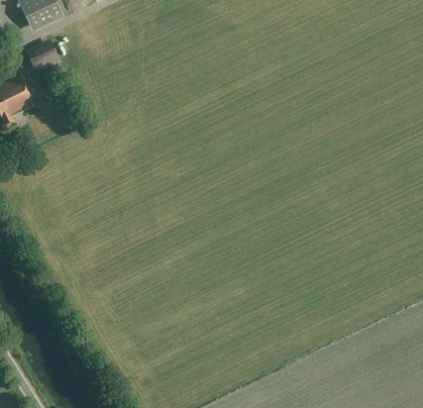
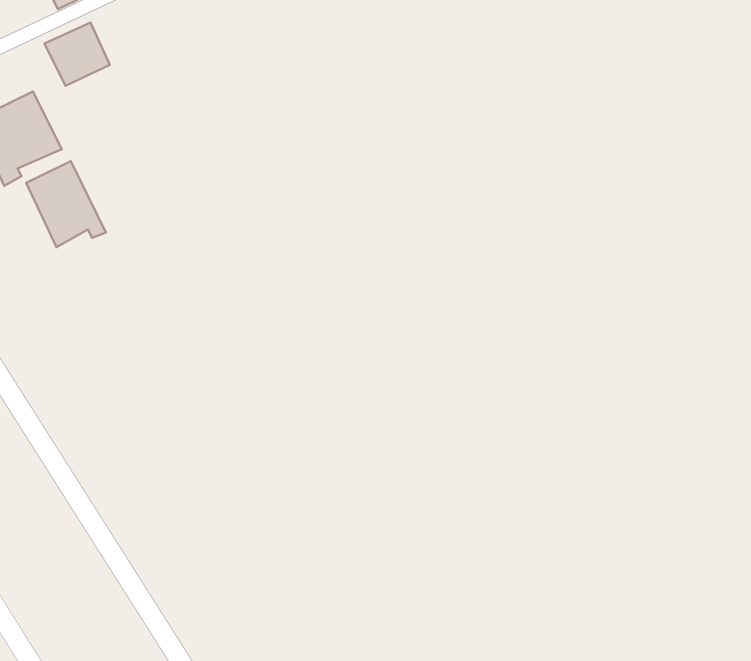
building: none -> [26,161,106,247]

